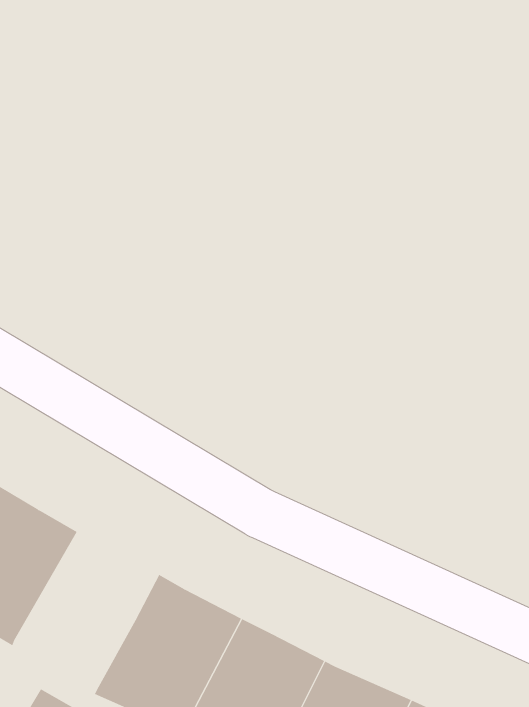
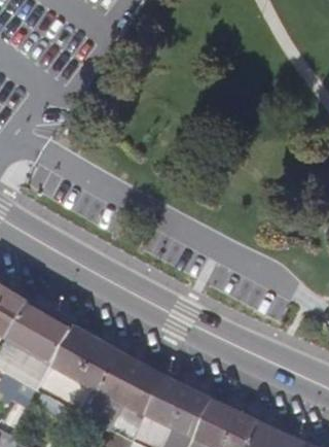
building: none -> [40,326,120,413]

